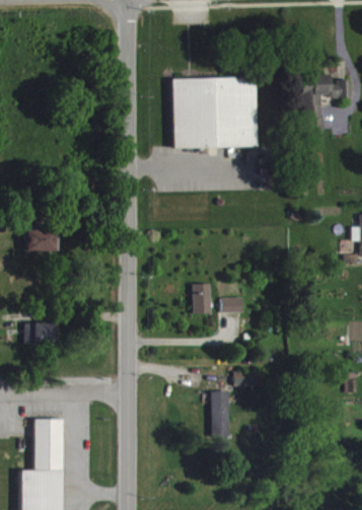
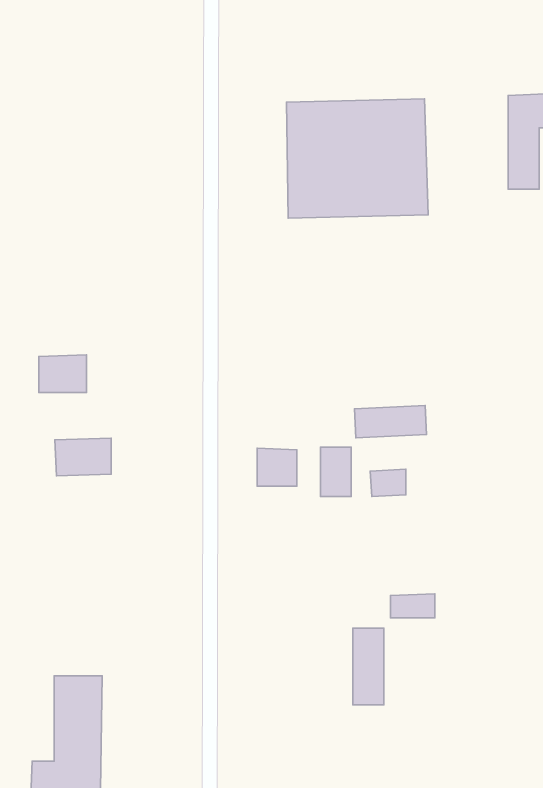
building: none -> [354,405,426,438]
building: none -> [257,448,297,486]
building: [25,322,59,345] -> [55,438,111,476]

